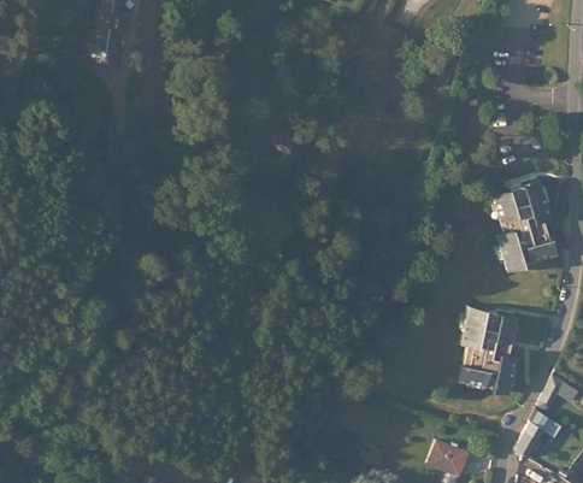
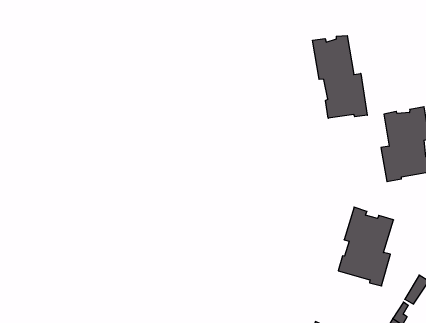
building: none -> [313,36,367,118]

